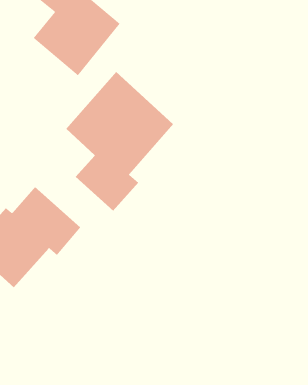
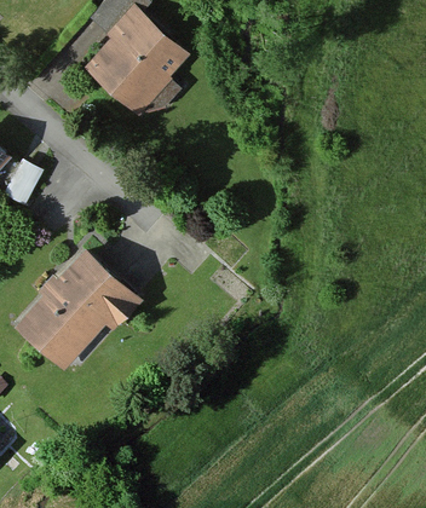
building: [65,71,174,211] -> none

